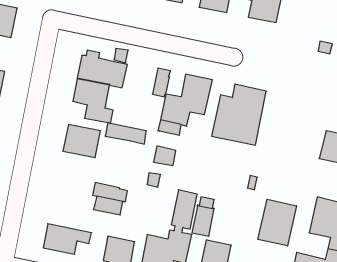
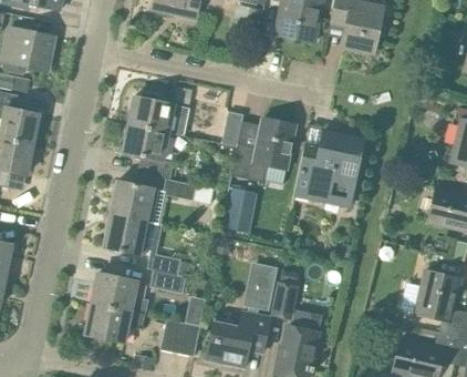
building: none -> [104,214,151,255]
building: none -> [92,273,148,315]
building: [258,199,297,246] -> none

